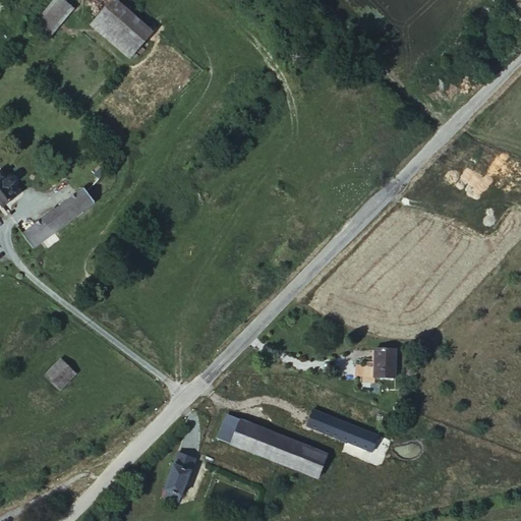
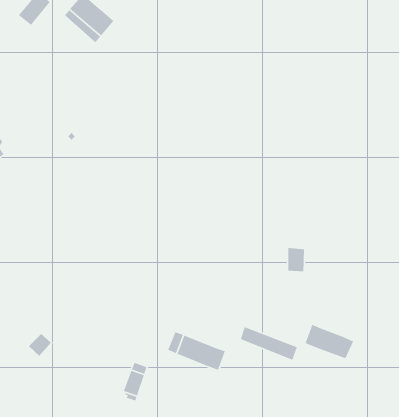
building: [22,187,95,246] -> none
building: [375,347,397,378] -> [288,247,305,272]
building: [45,358,74,388] -> [28,333,52,357]
building: [281,438,342,481] -> [305,324,354,359]

